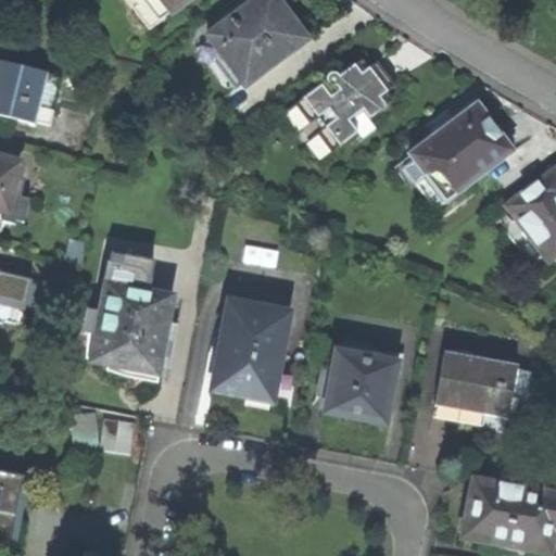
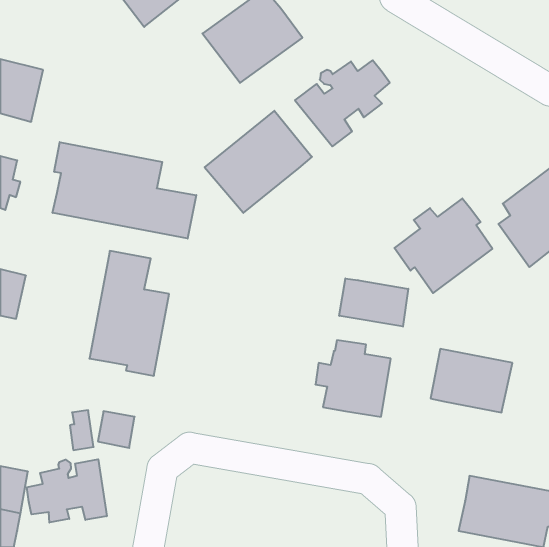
building: [408,104,507,200] -> [394,198,492,293]
building: none -> [205,111,312,213]
building: none -> [53,142,196,239]
building: none -> [339,278,408,327]
building: [212,300,294,403] -> none
building: none -> [27,459,107,523]

